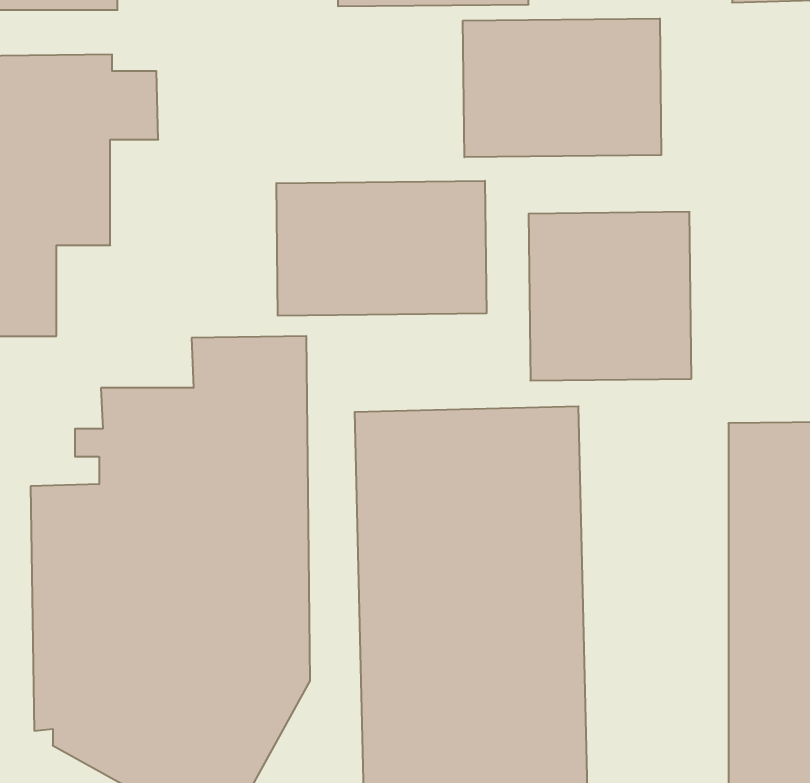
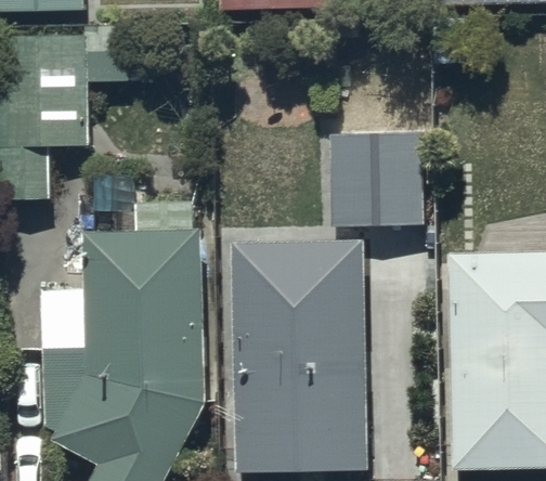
building: [463,18,661,157] -> none
building: [276,181,486,316] -> none

